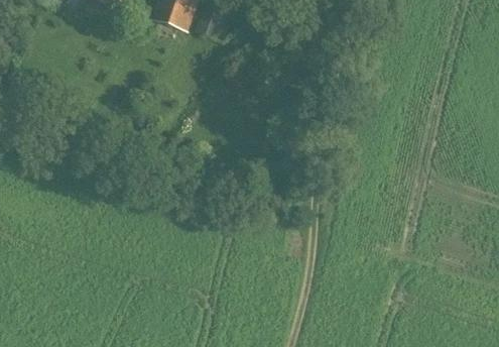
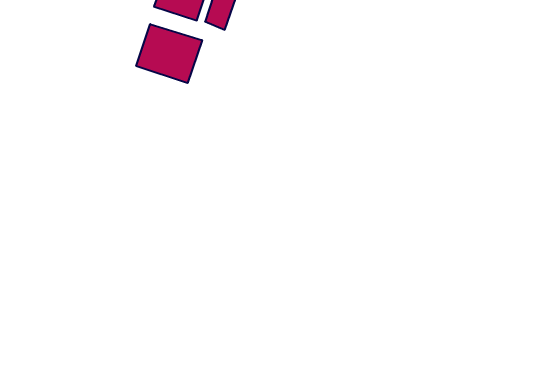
building: none -> [136,24,202,83]

